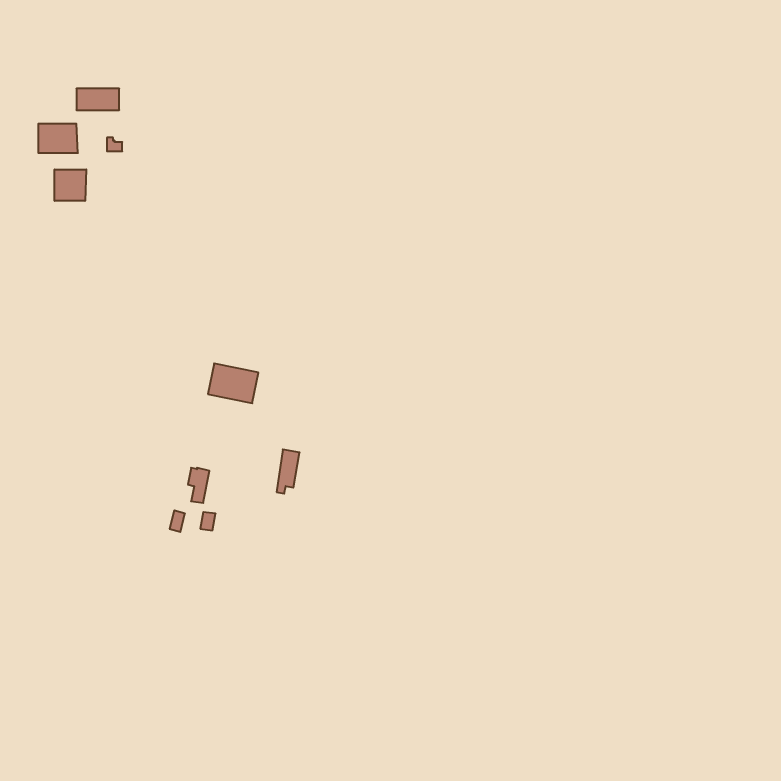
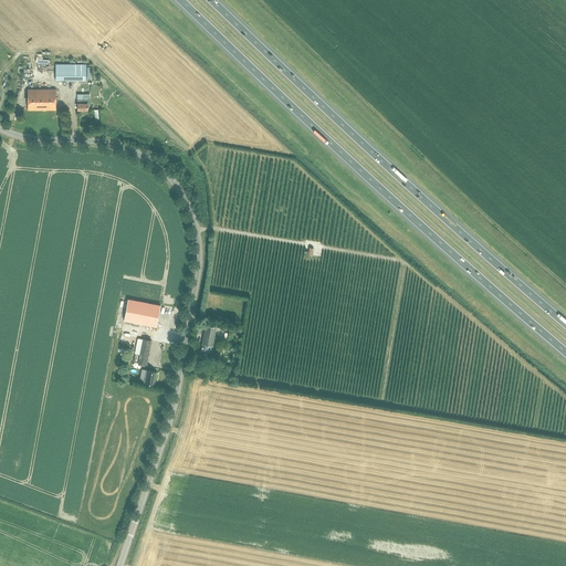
building: [55,169,86,201] -> none
building: [208,363,258,403] -> [124,298,160,327]

